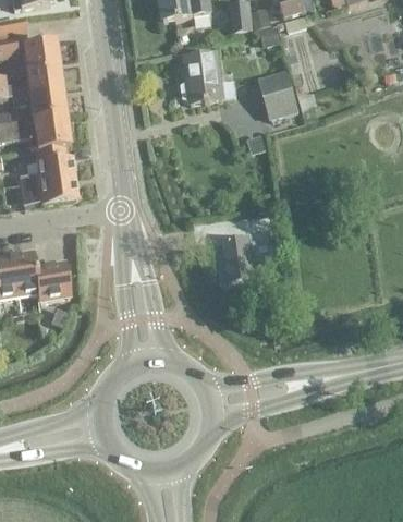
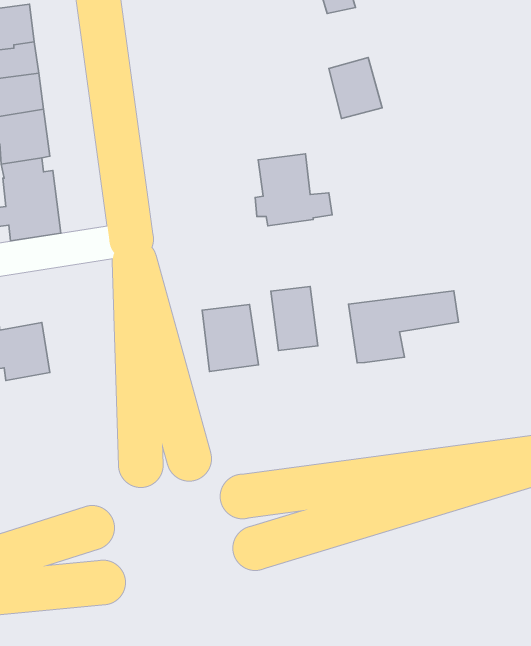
building: [182,51,235,101] -> [255,154,332,226]
building: none -> [348,291,459,363]
building: none -> [202,304,259,371]

